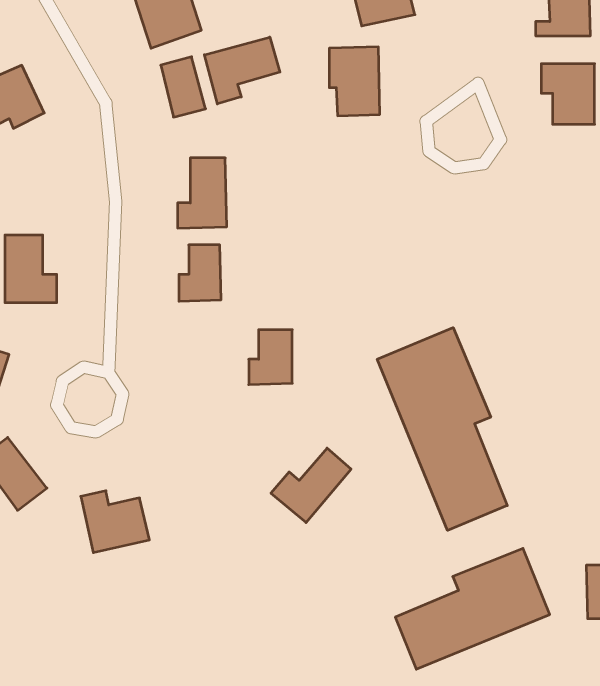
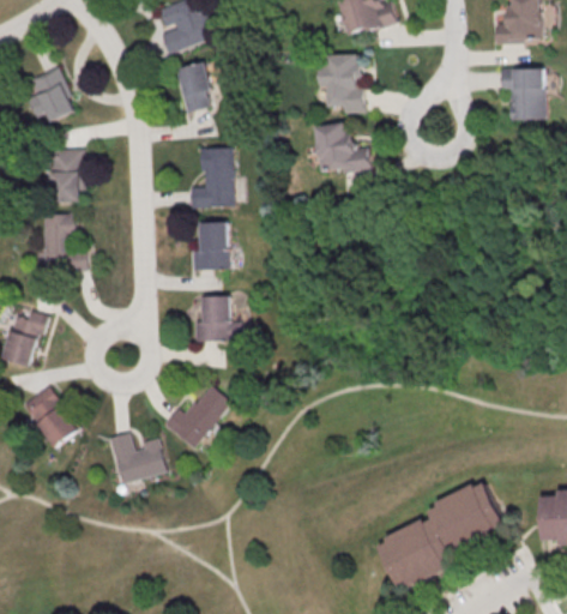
building: [204,37,280,104] -> none
building: none -> [314,121,372,175]
building: none -> [49,149,84,201]
building: [377,328,507,530] -> none
building: [249,330,292,385] -> [194,295,231,342]
building: [271,448,351,523] -> [163,385,231,449]

